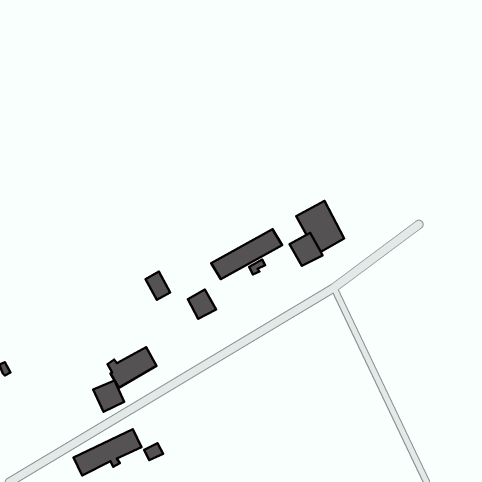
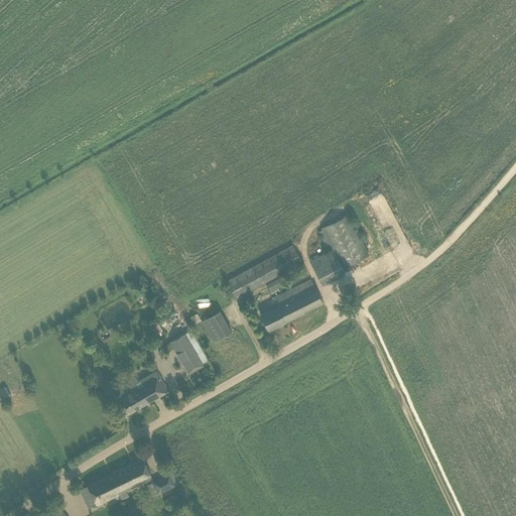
building: none -> [260,278,322,331]
building: [146,272,170,300] -> [170,332,197,362]
building: [93,380,124,412] -> none

